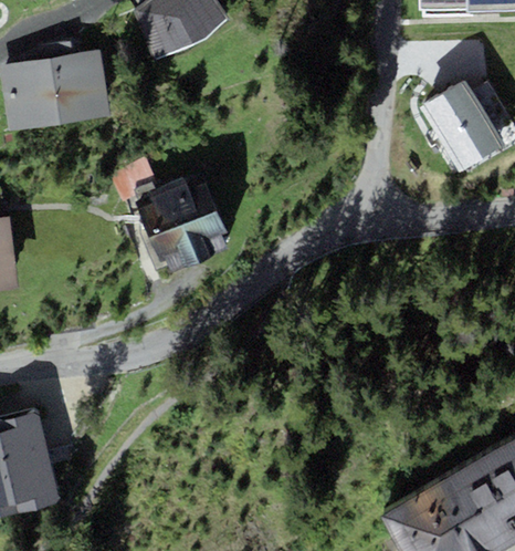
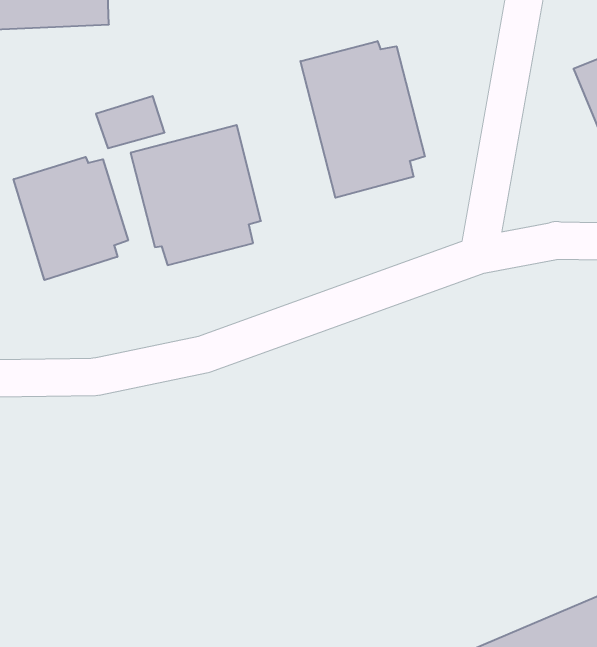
building: none -> [300,41,425,198]
building: none -> [14,157,128,280]

